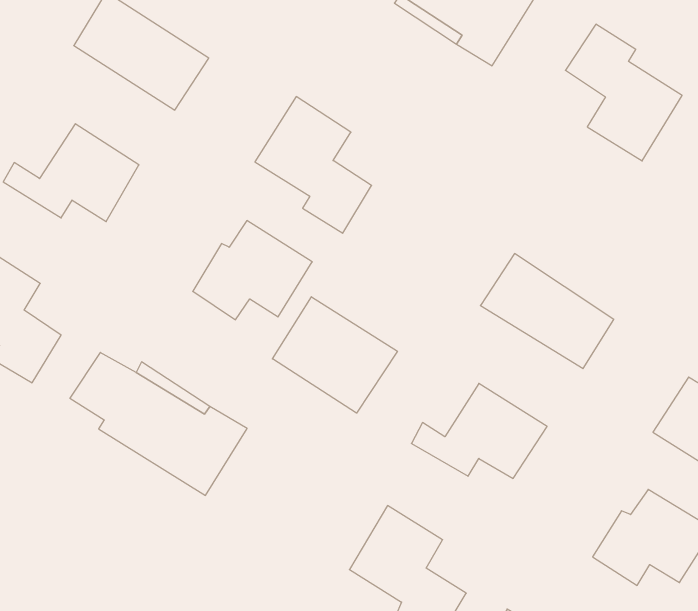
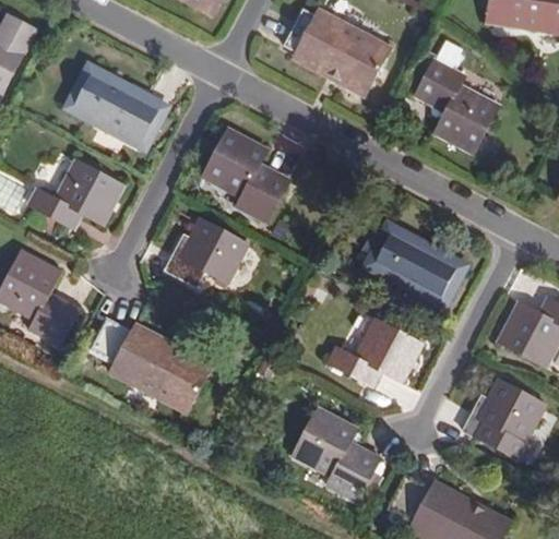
building: [272,297,397,413] -> none

